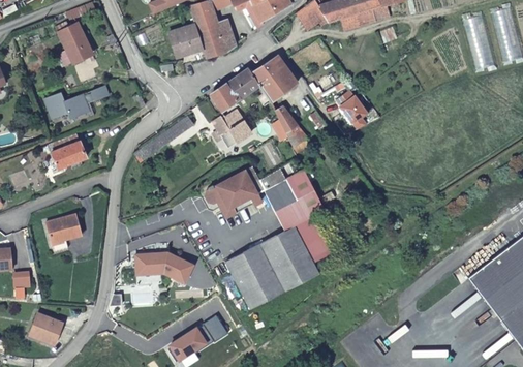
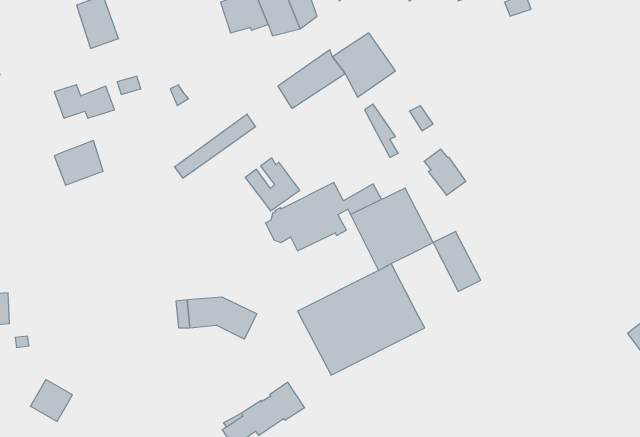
building: [337,91,368,125] -> [424,149,466,195]
building: [212,108,252,147] -> [245,158,300,211]
building: [44,212,81,242] -> none
building: [295,217,330,262] -> [433,231,481,291]

